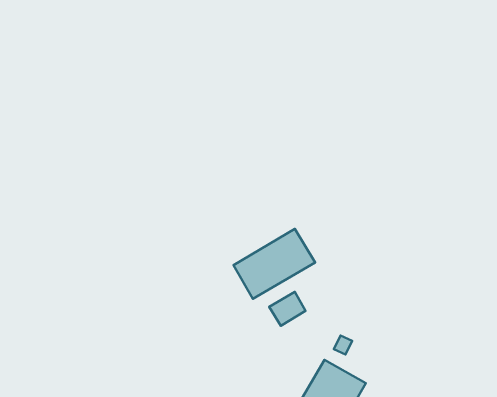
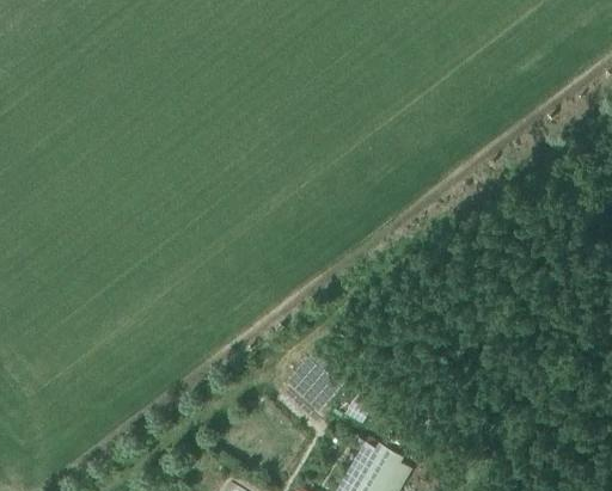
building: [234,229,315,299] -> none

